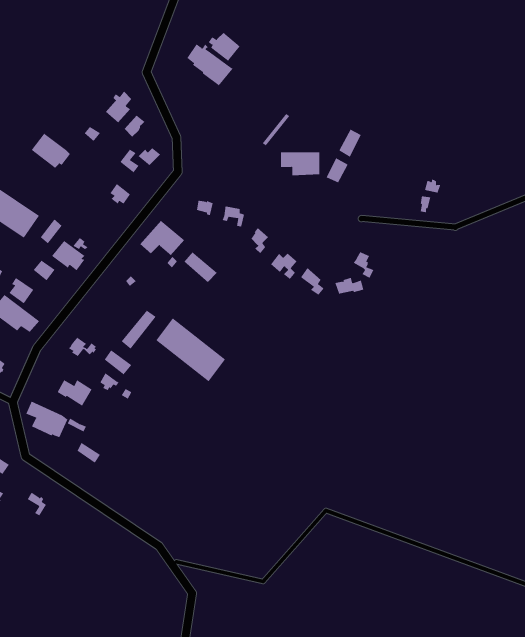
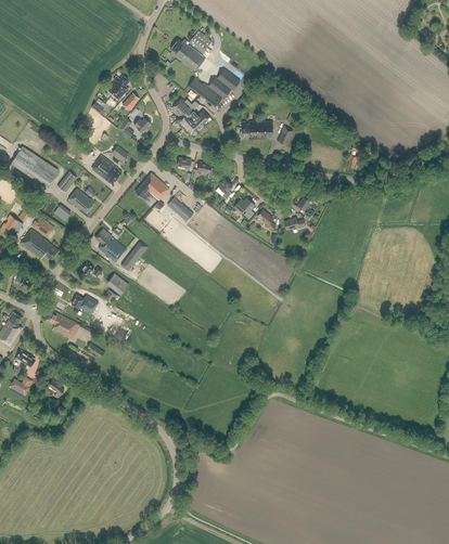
building: none -> [188,69,239,107]
building: none -> [172,99,209,137]
building: [31,133,71,168] -> [91,156,121,183]
building: none -> [95,229,126,262]
building: [155,318,226,382] -> none

